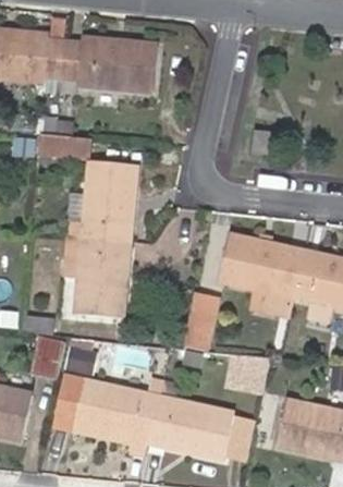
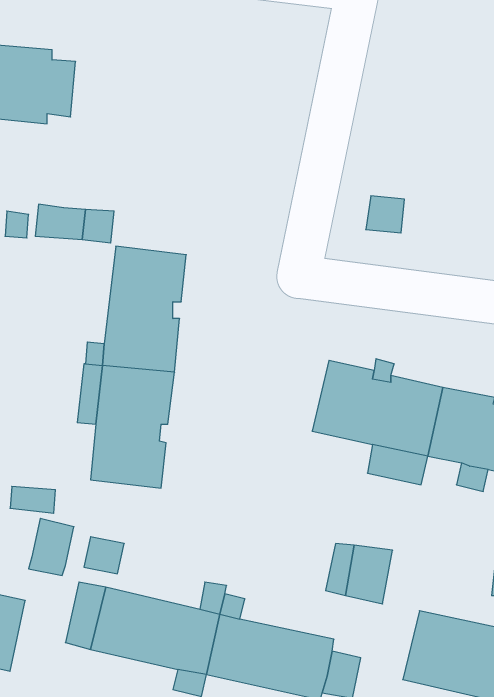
building: [60,37,156,90] -> none
building: [182,294,215,350] -> none

